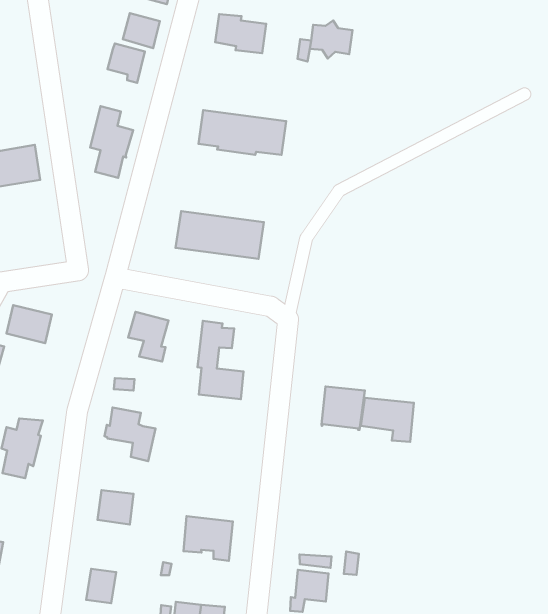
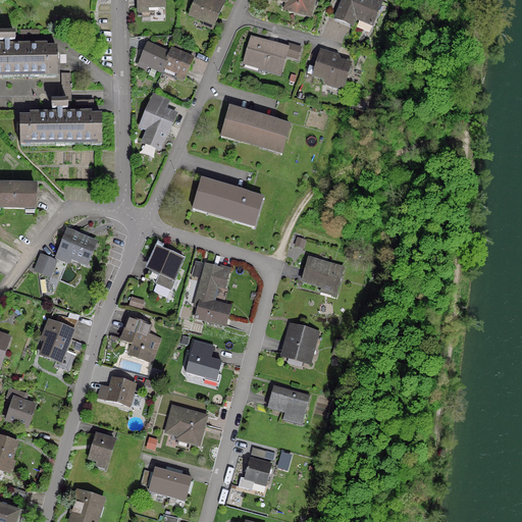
building: [123,13,160,48] -> [140,43,169,71]
building: none -> [302,257,343,295]
building: [361,398,414,442] -> [267,385,309,423]
building: none -> [186,341,221,377]

